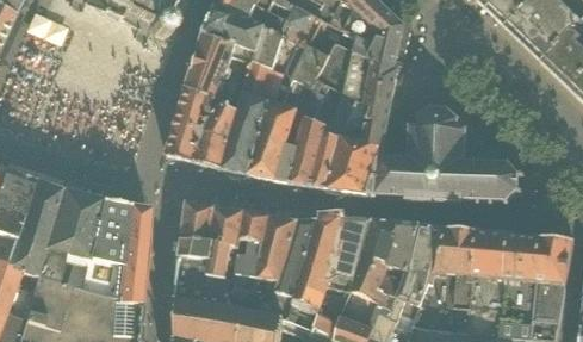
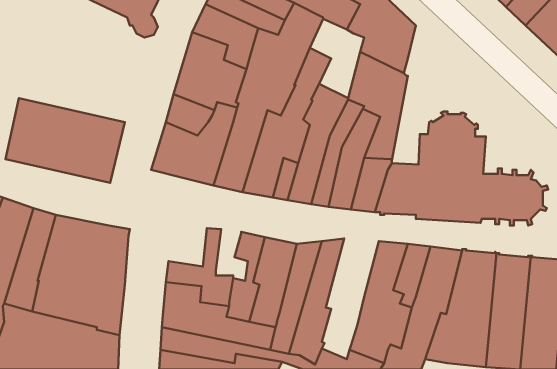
building: [317,42,354,89] -> none
building: [181,201,216,241] -> none
building: [224,207,253,254] -> none
building: [320,216,371,324] -> none

